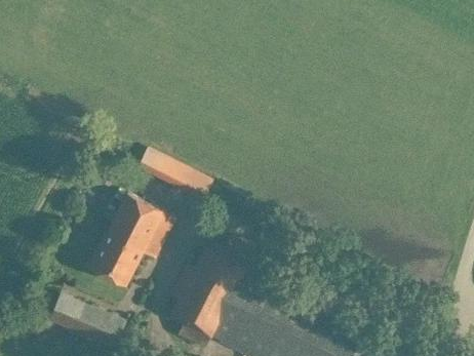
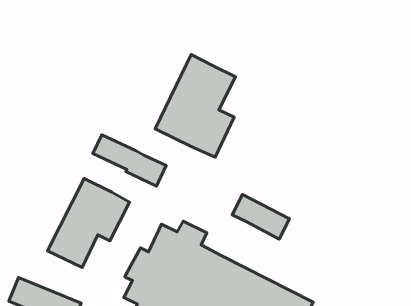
building: none -> [155,54,236,157]
building: none -> [232,195,289,239]

